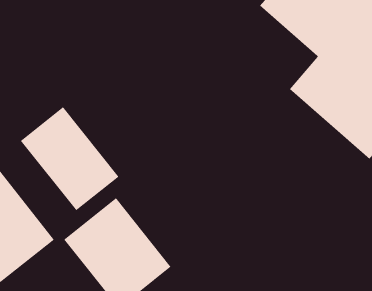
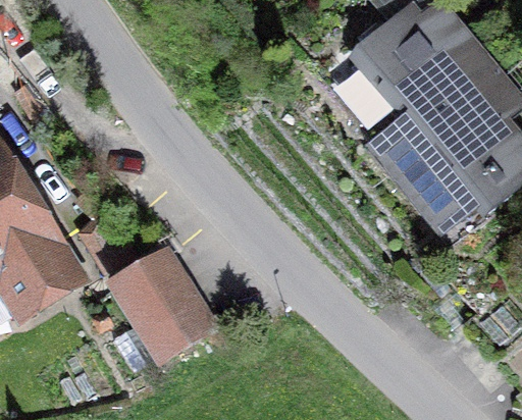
building: [20,106,119,211] -> none

